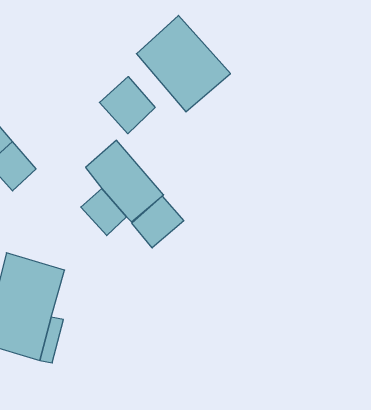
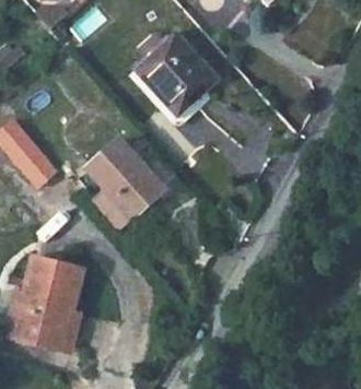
building: [99,77,155,134] -> none
building: [132,196,184,248] -> none

